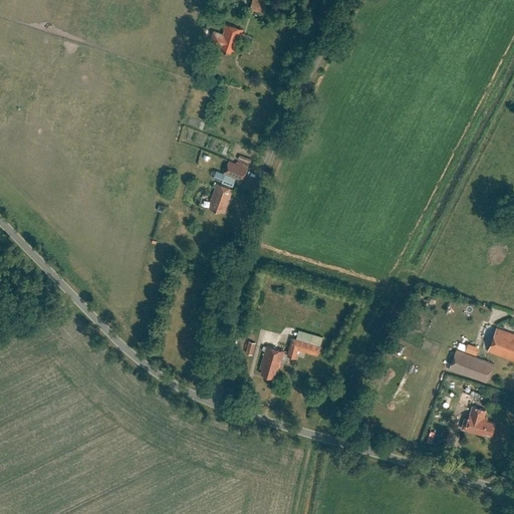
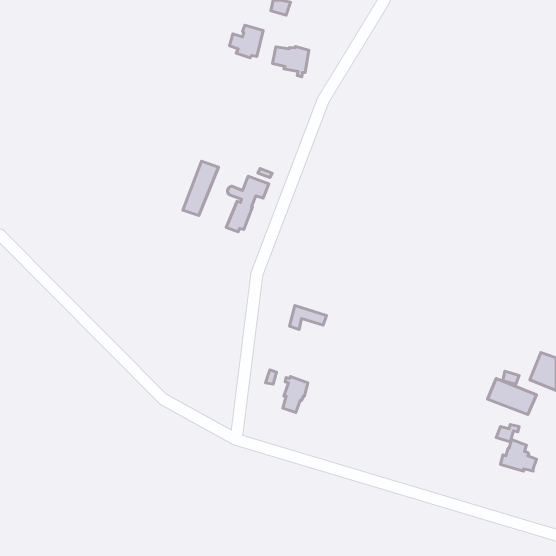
building: none -> [273,47,309,77]
building: none -> [183,161,218,216]
building: [287,339,321,361] -> [289,306,326,329]

